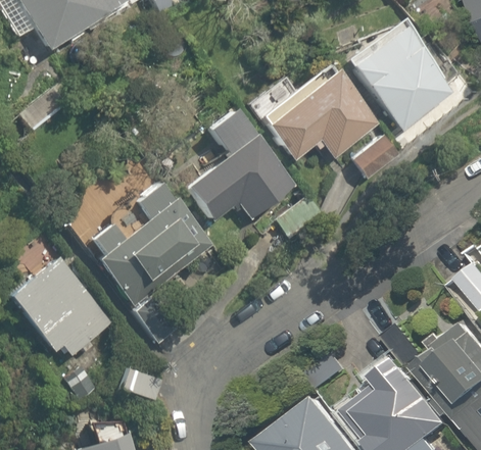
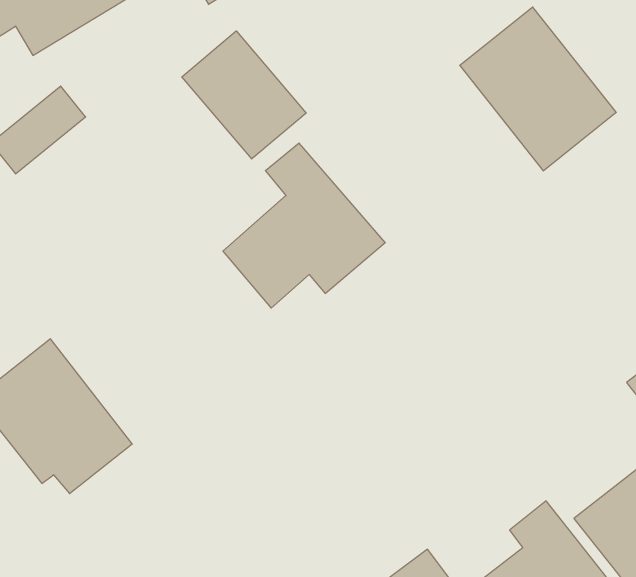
building: none -> [182,31,306,159]
building: [269,64,402,179] -> none
building: [79,172,212,307] -> none

